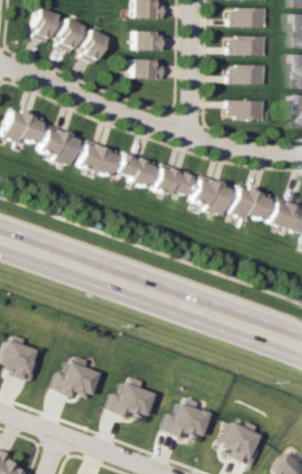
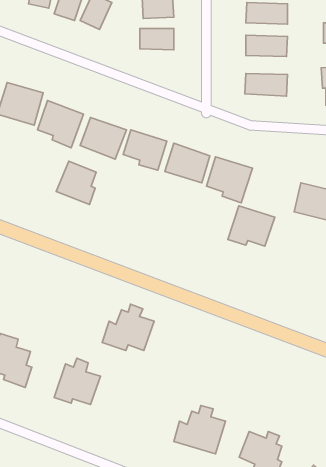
building: none -> [56,161,96,204]
building: [228,184,271,220] -> [228,206,275,246]
building: [104,377,150,418] -> [102,304,154,350]

